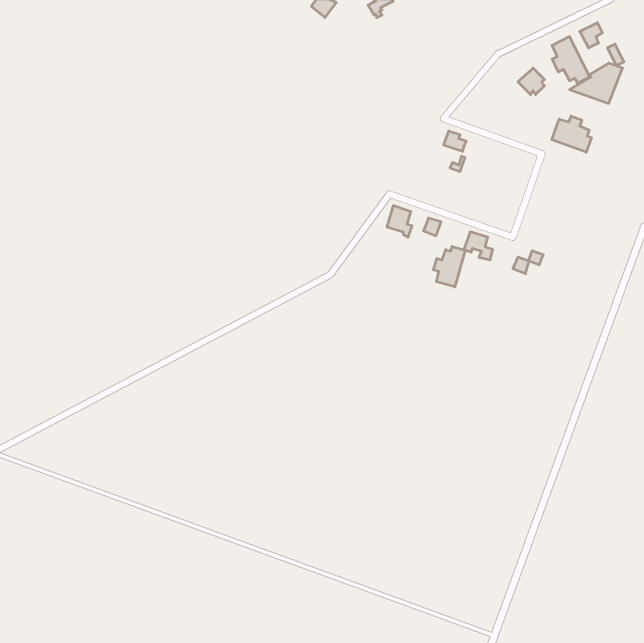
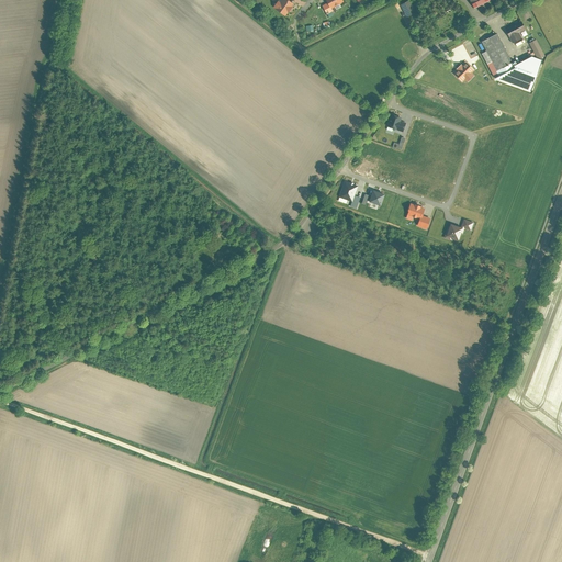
building: [552,116,591,152] -> none
building: [434,246,465,287] -> none

